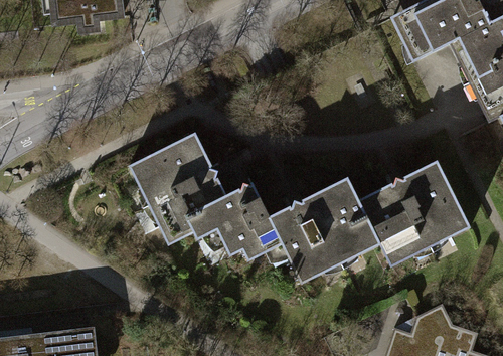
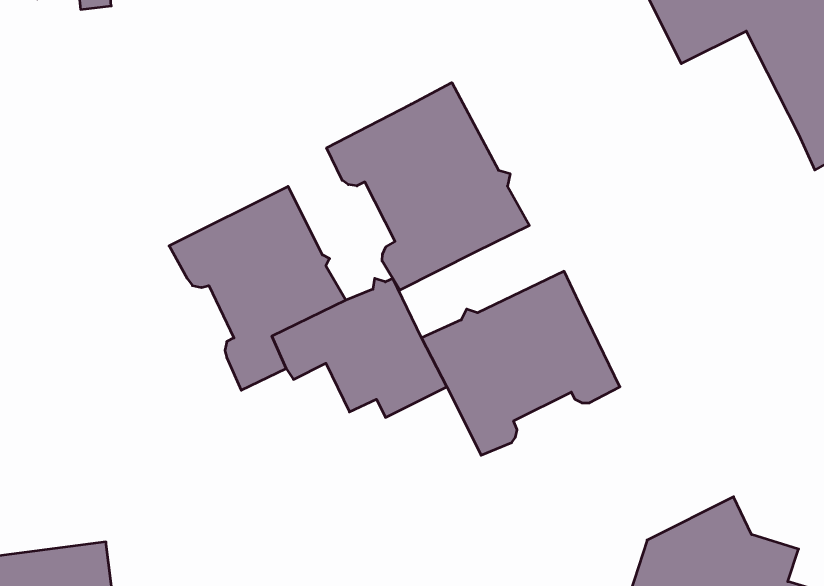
building: none -> [327,83,529,290]
building: [358,161,470,264] -> none

